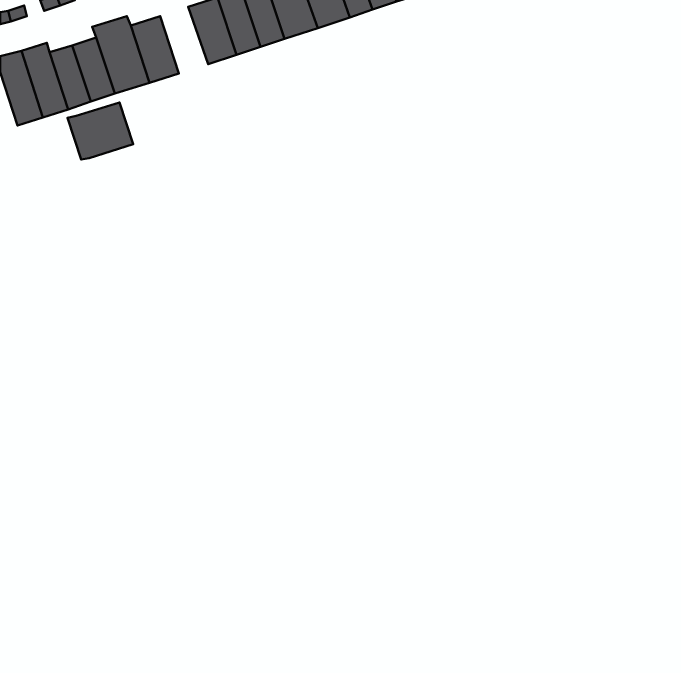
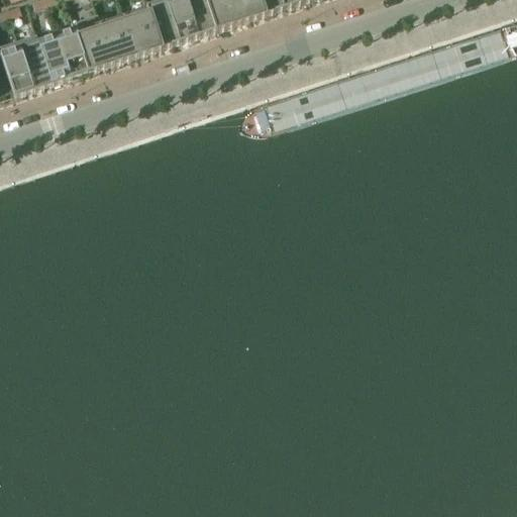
building: none -> [122,5,159,56]
building: [68,103,133,159] -> none

